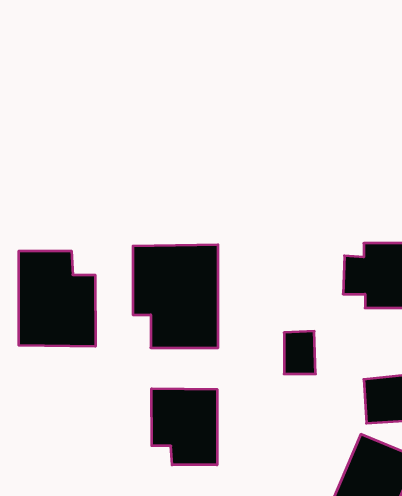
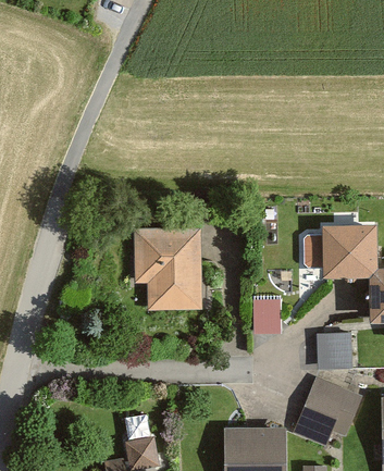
building: [19,251,95,346] -> none
building: [152,389,217,465] -> none

